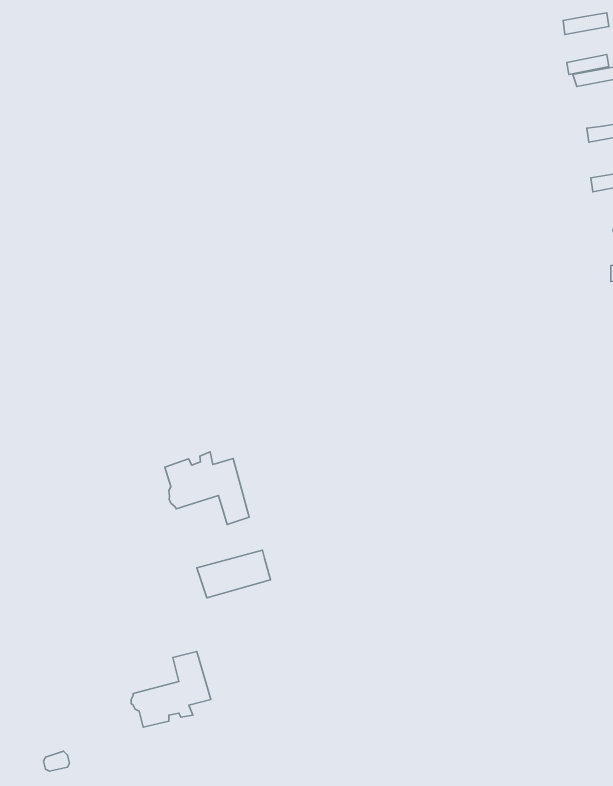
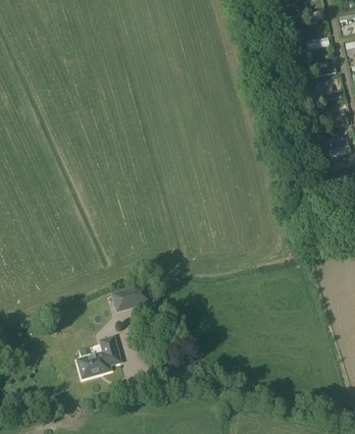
building: [165,452,249,524] -> none

